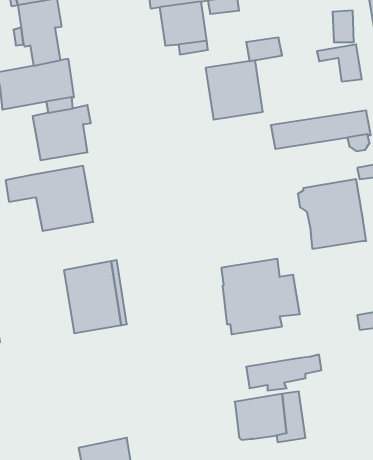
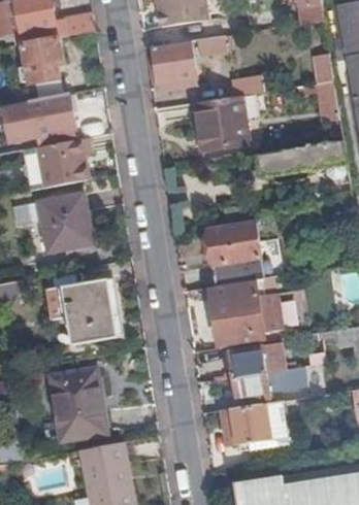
building: [298,179,366,249] -> [201,223,264,287]
building: none -> [228,344,283,378]
building: none -> [51,372,110,441]

